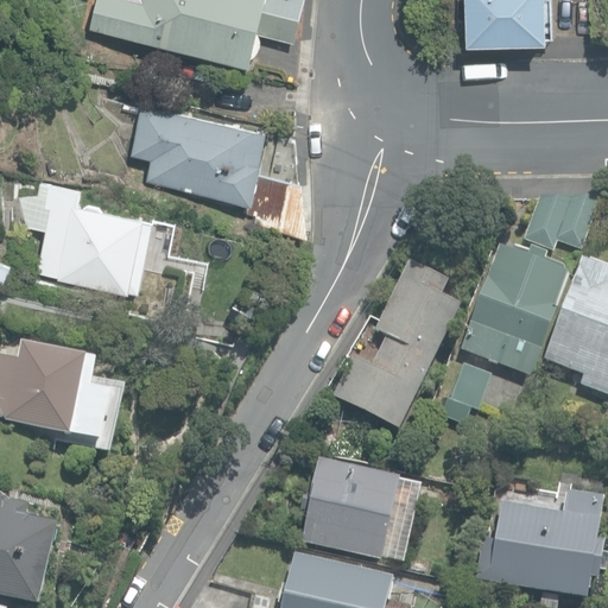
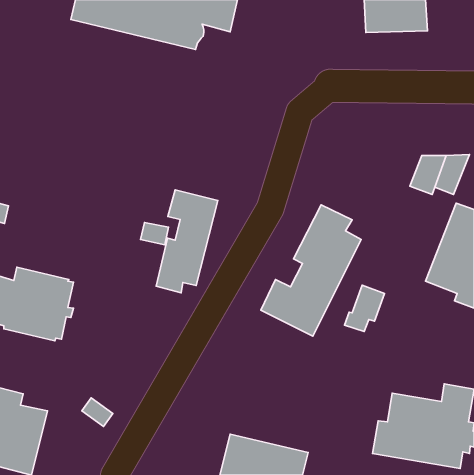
building: [131,102,304,232] -> none
building: [17,183,146,291] -> none
building: none -> [156,190,218,293]
building: [461,246,566,375] -> none
building: [299,457,399,559] -> none

